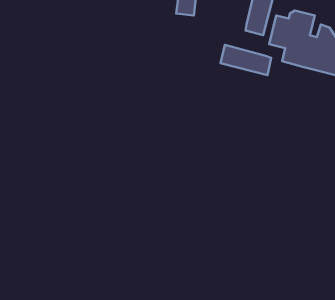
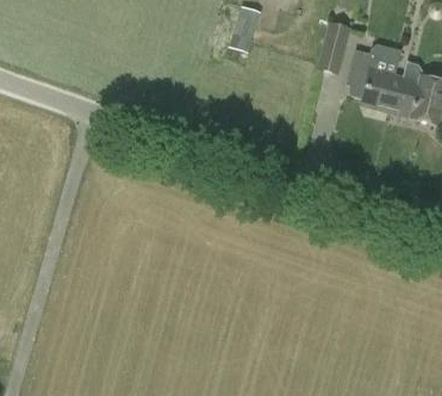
building: [220,45,271,75] -> none

